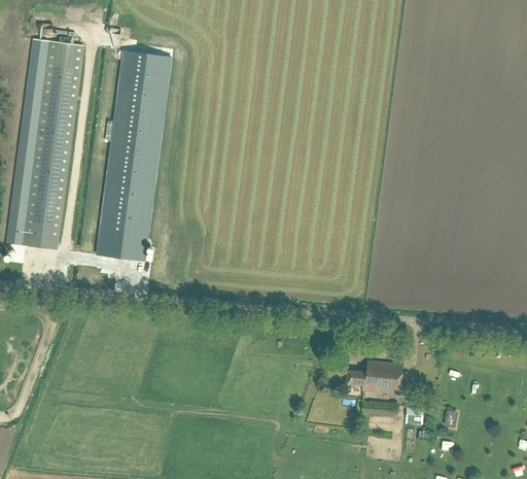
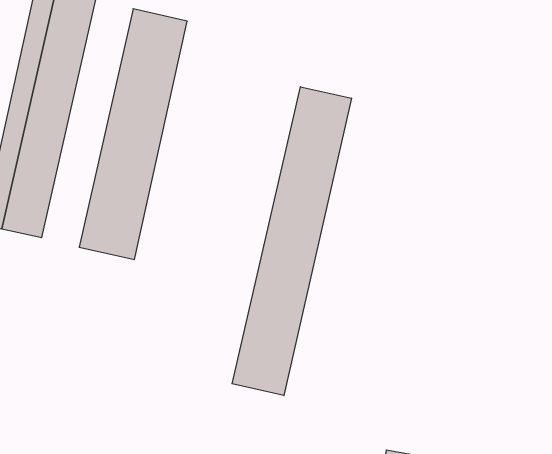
building: none -> [232,87,351,396]
building: [349,361,406,394] -> none

